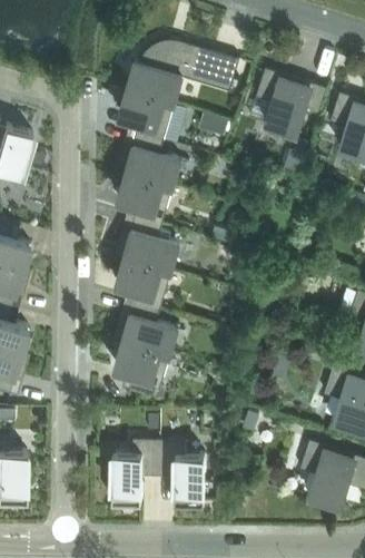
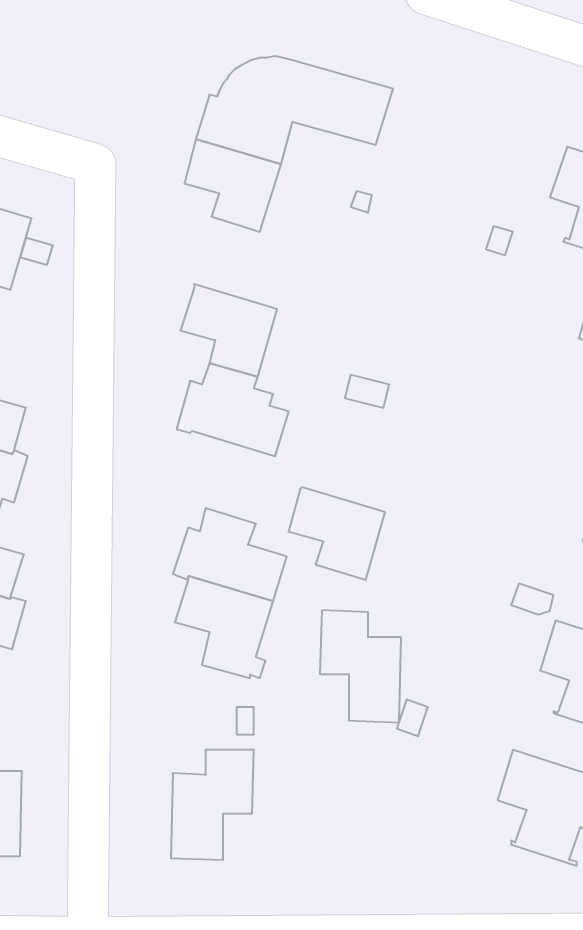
building: [255,70,326,136] -> none
building: [116,134,180,187] -> none
building: [116,257,171,311] -> [288,487,385,580]
building: [158,441,205,506] -> [320,610,401,722]

